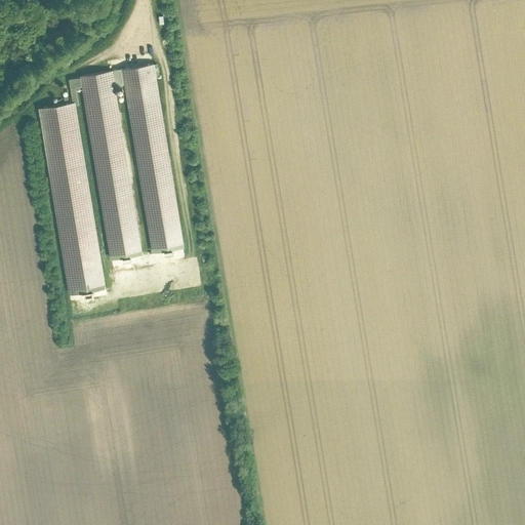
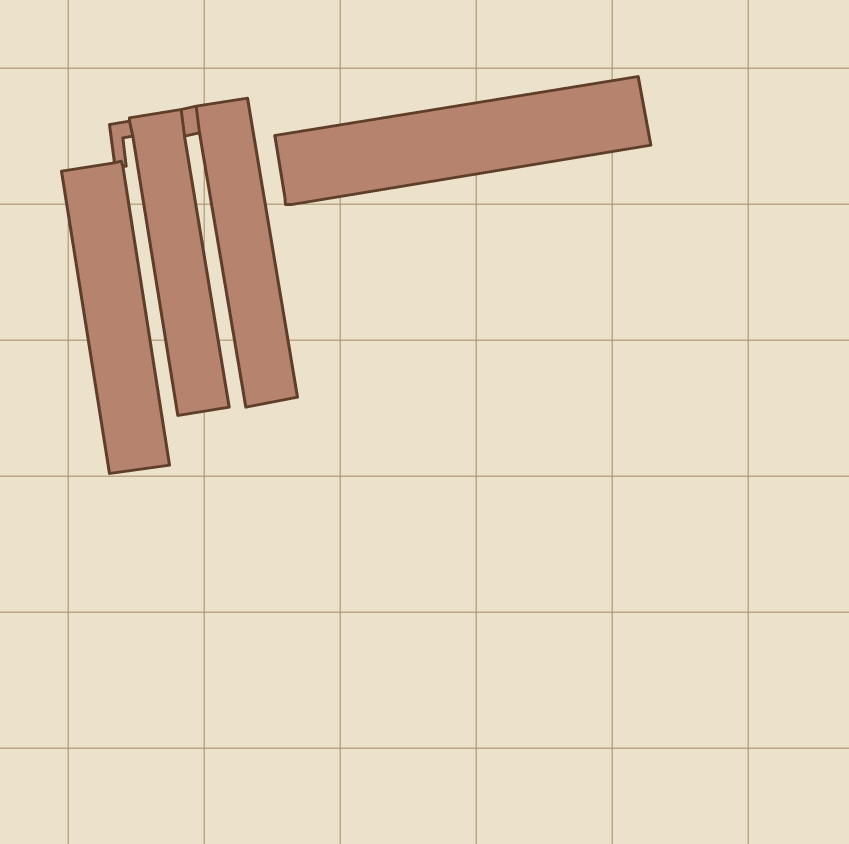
building: none -> [275,77,651,205]

